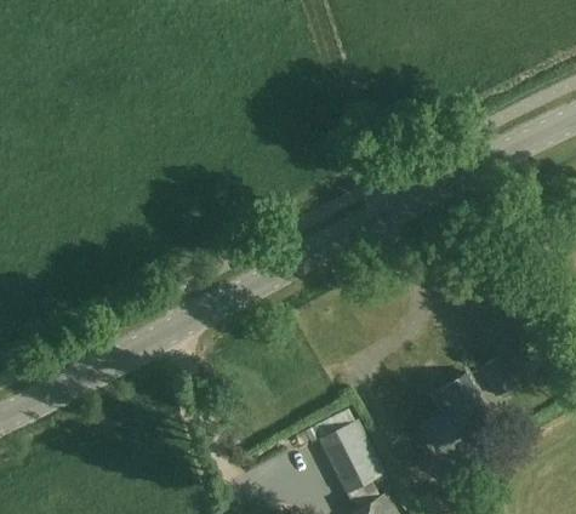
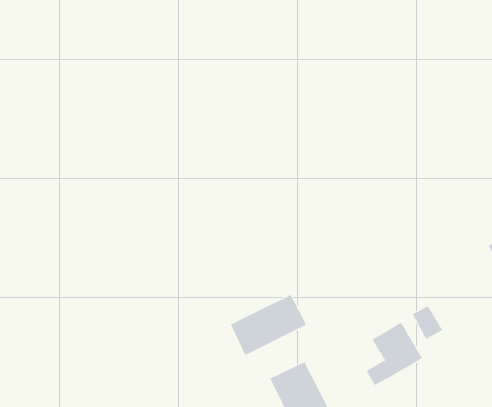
building: none -> [230,294,307,356]

